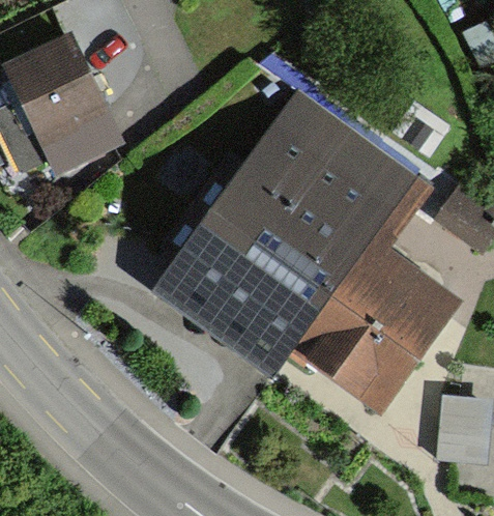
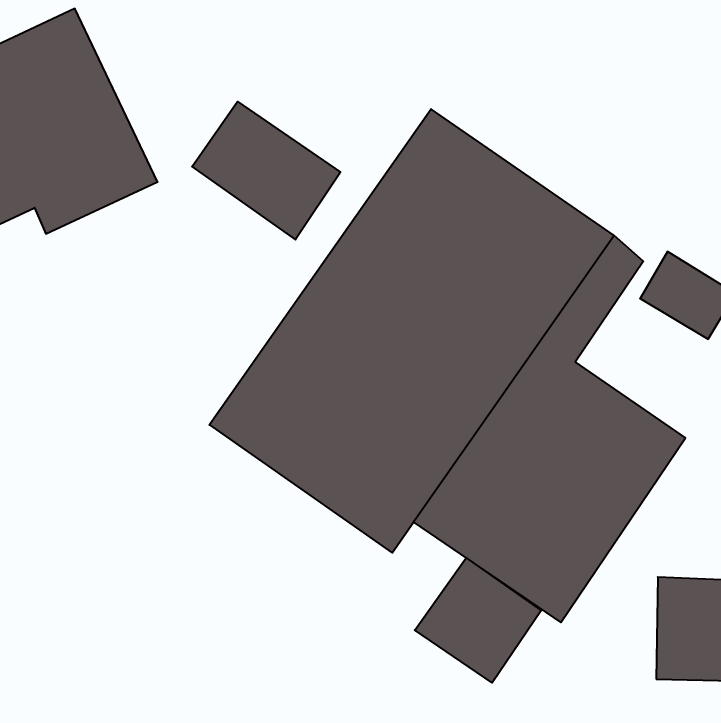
building: none -> [192,102,340,240]
building: none -> [415,558,541,683]

